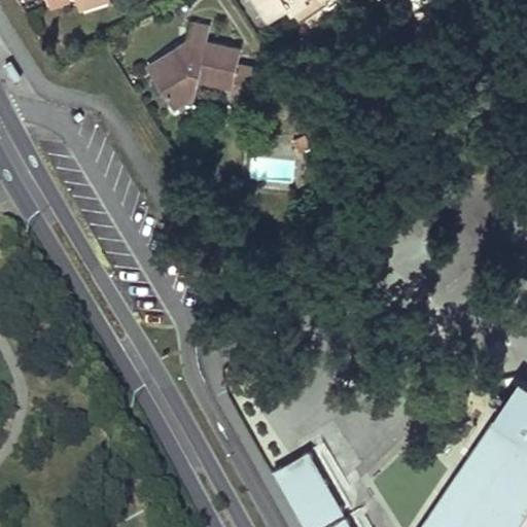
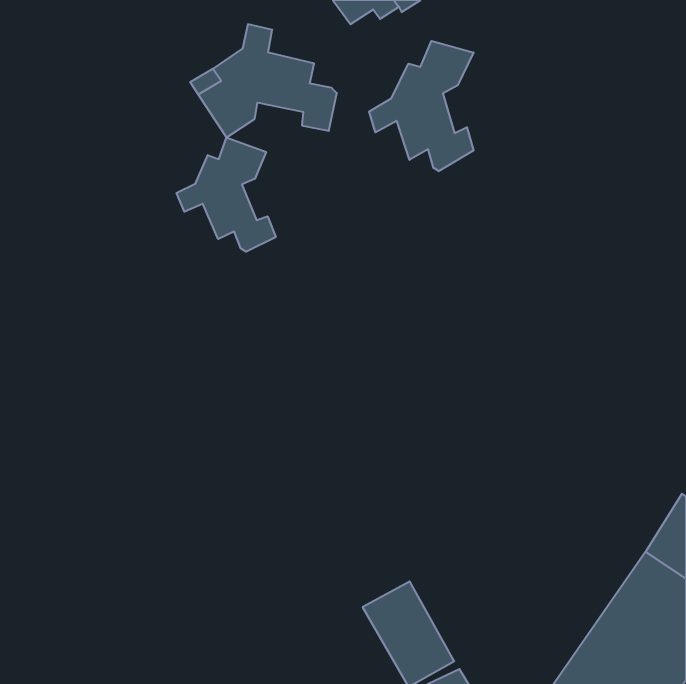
building: none -> [369,41,474,171]
building: none -> [176,138,276,252]

